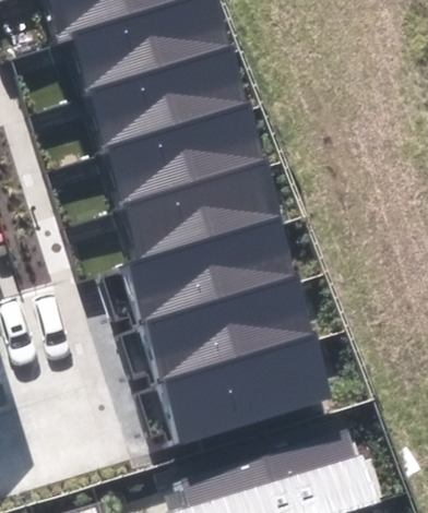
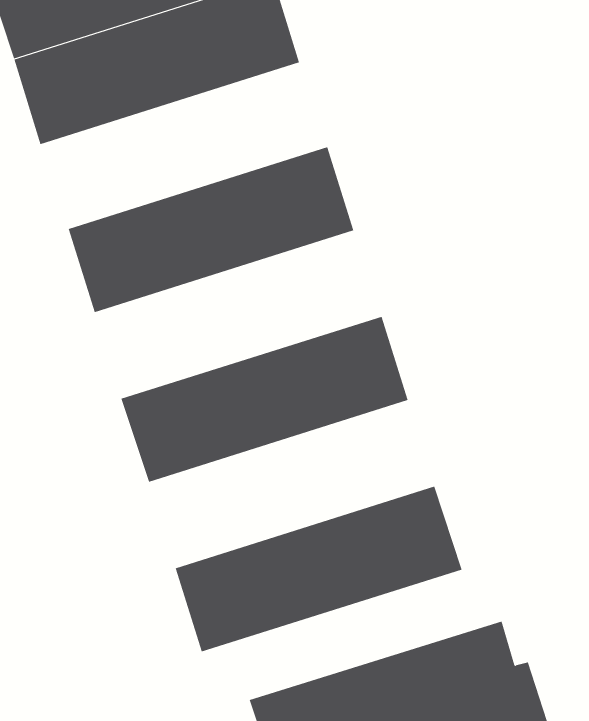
building: [57,59,248,169] -> none
building: [93,170,284,282] -> none
building: [129,283,319,394] -> none

